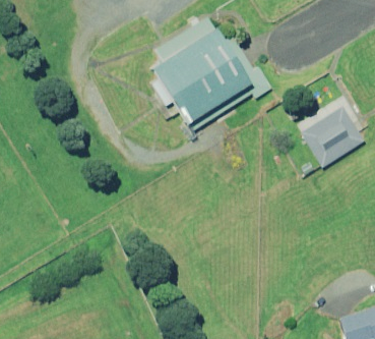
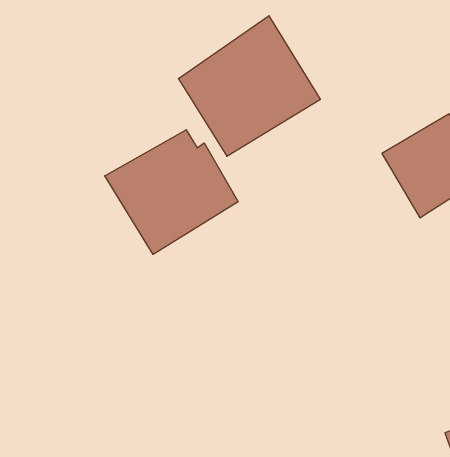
building: none -> [105,130,238,254]

